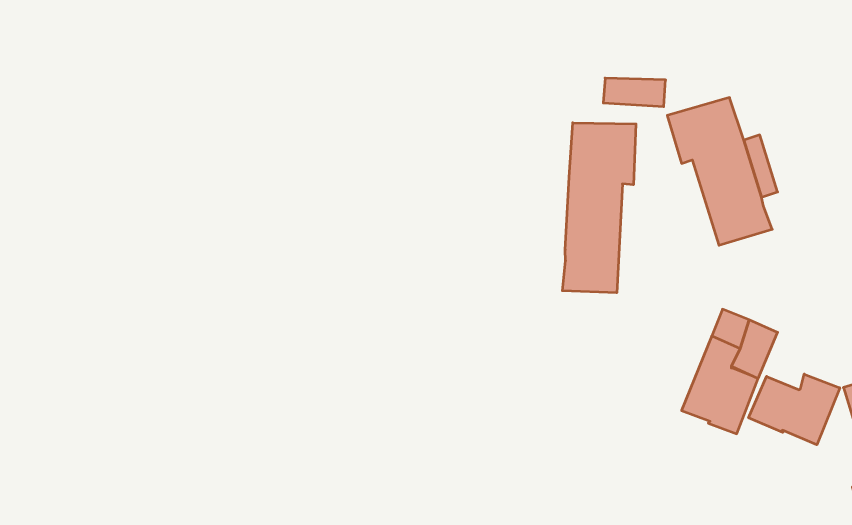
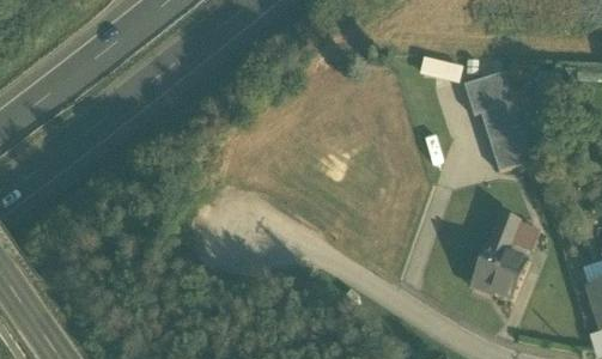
building: [562,123,636,293] -> none
building: [749,374,840,445] -> none

